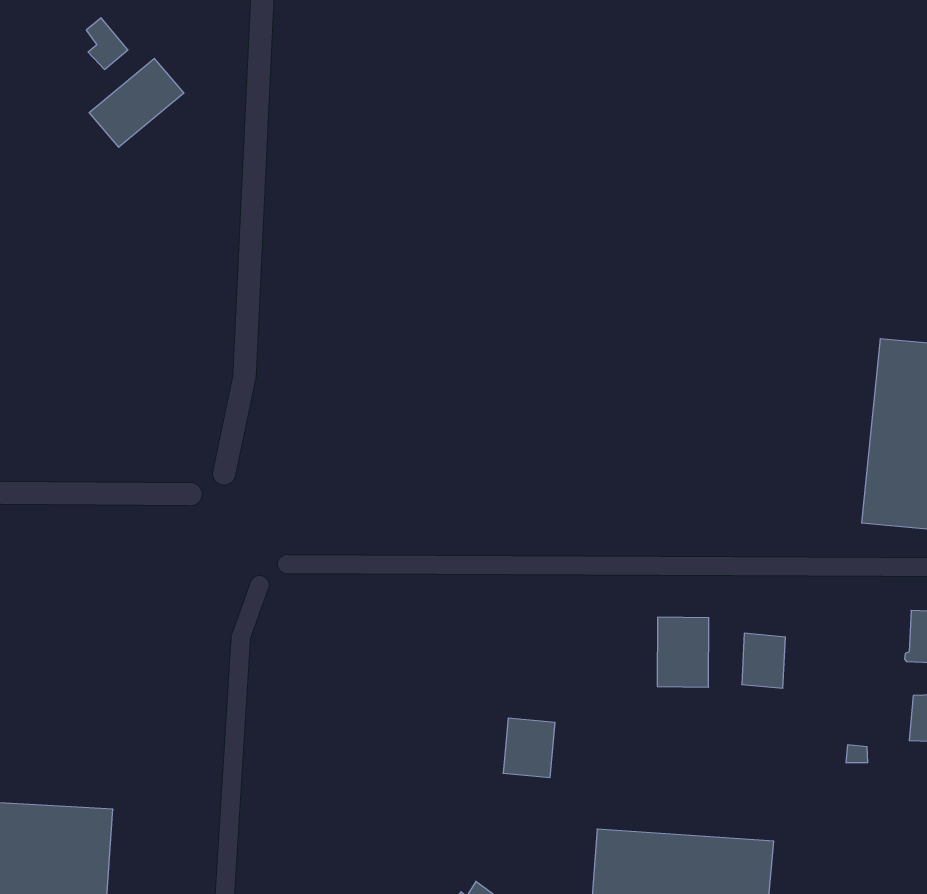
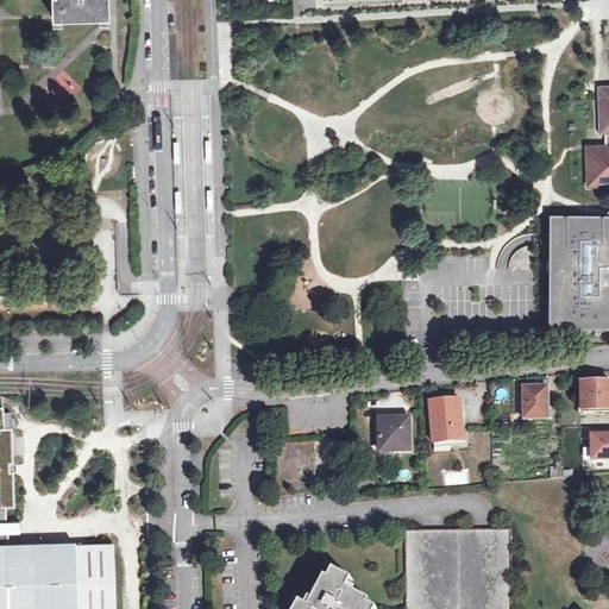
building: [89,58,184,147] -> none
building: [742,633,785,688] -> [522,385,548,416]
building: [503,718,555,777] -> [381,416,409,450]

